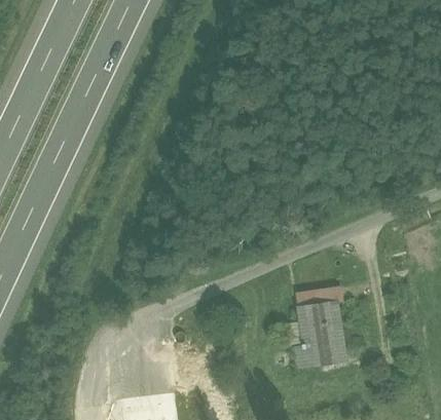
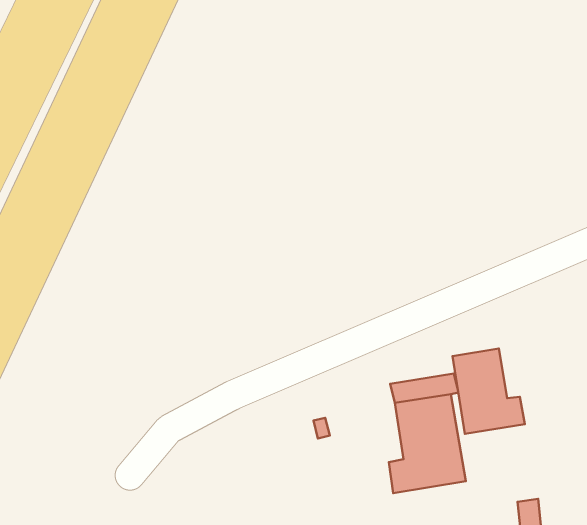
building: none -> [453,348,525,434]

